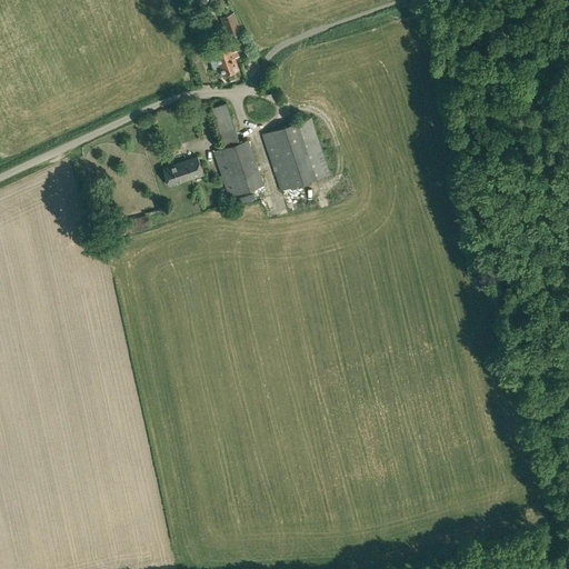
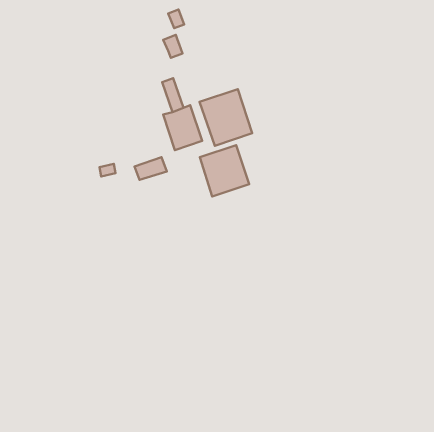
building: [162,158,204,188] -> [134,157,167,180]
building: none -> [200,145,249,196]

